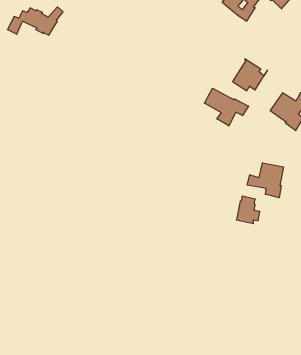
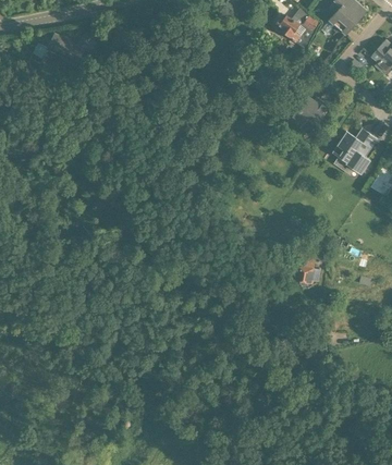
building: [204,88,249,126] -> none
building: [247,163,283,198] -> none

